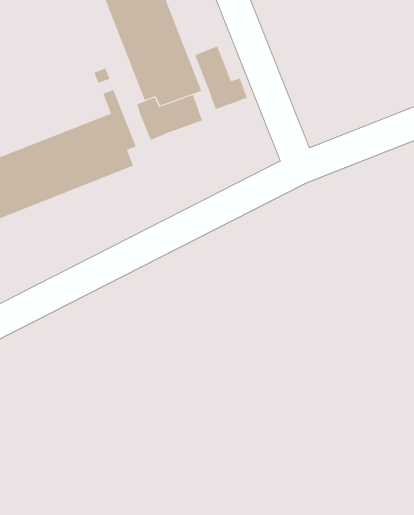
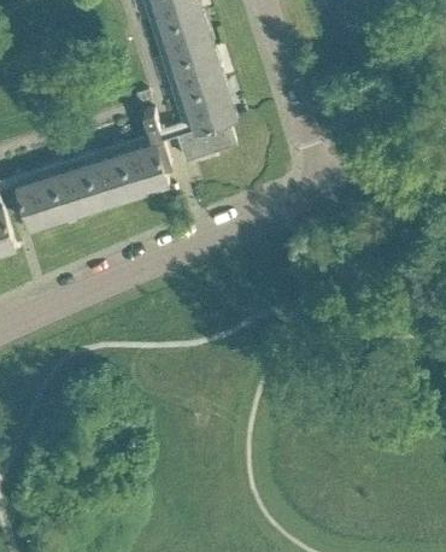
building: [195,46,247,110] -> none

